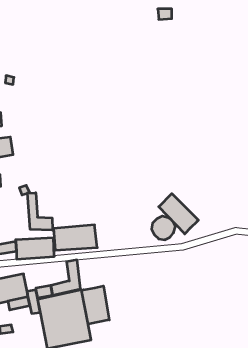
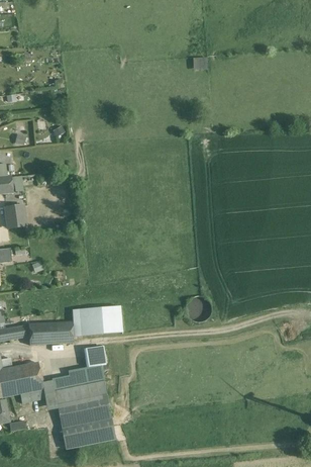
building: [27,193,53,230] -> none
building: [159,194,198,234] -> none
building: [82,286,109,324] -> none

